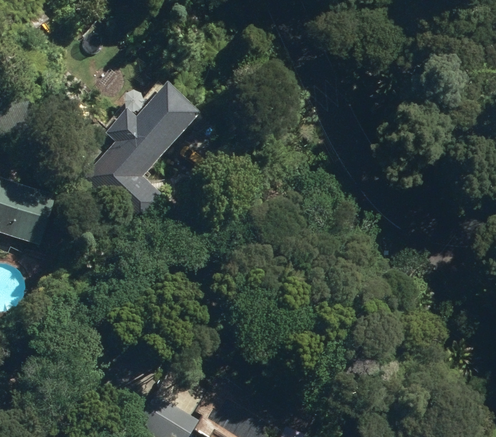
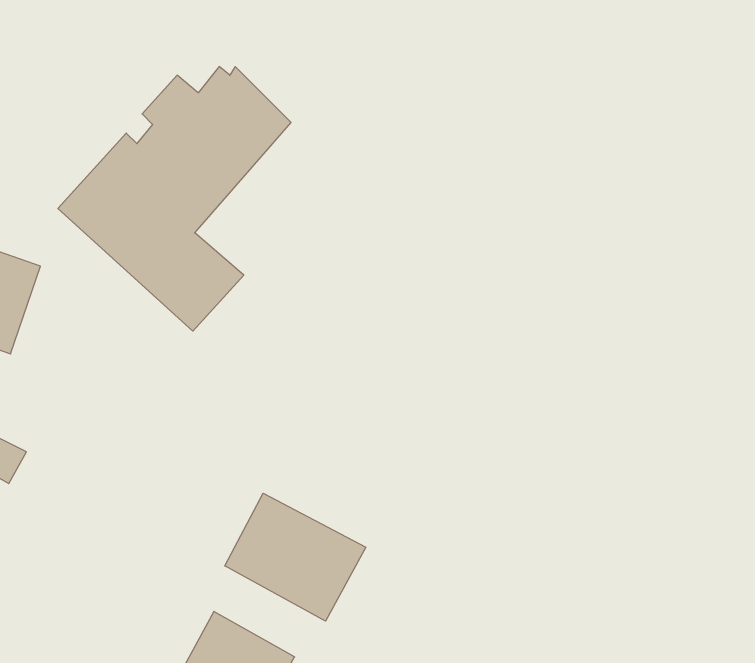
building: none -> [225,493,366,621]

